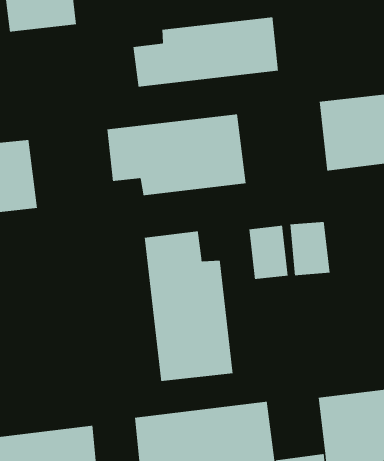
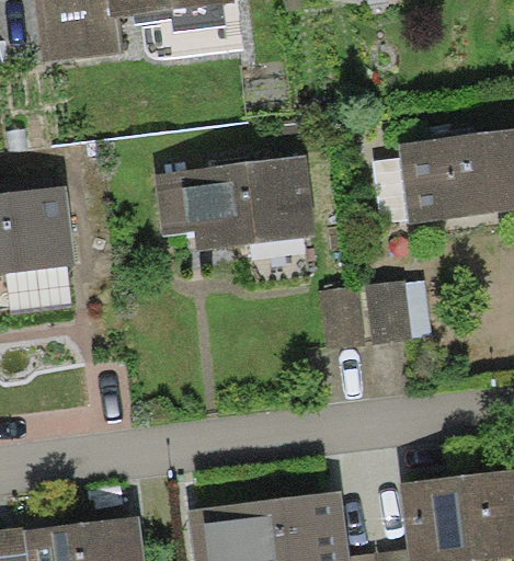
building: [133,17,279,88] -> none
building: [144,231,233,382] -> none

